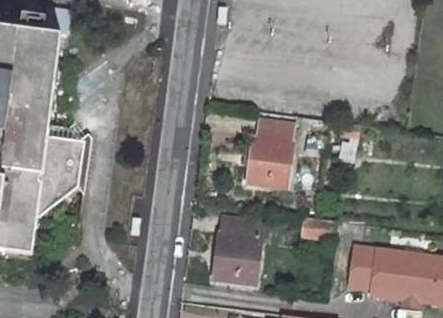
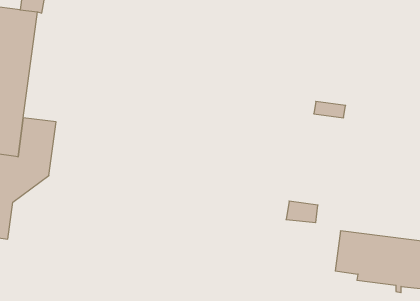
building: [246,117,294,186] -> none
building: [213,215,262,287] -> none

